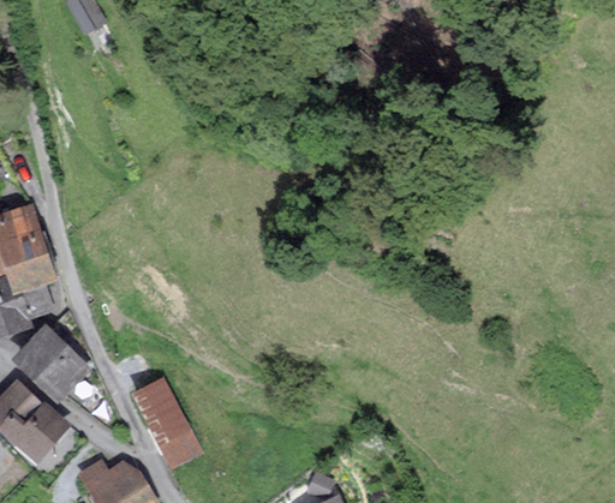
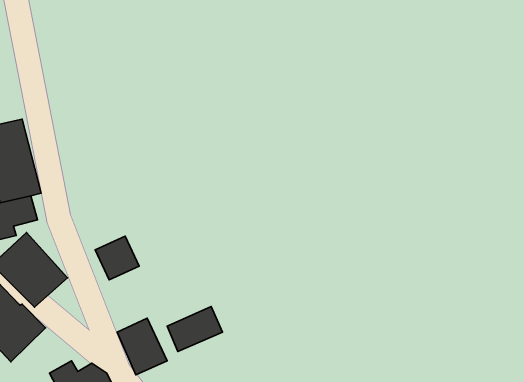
building: [131,377,179,425] -> [95,236,139,280]
building: none -> [167,307,223,352]

